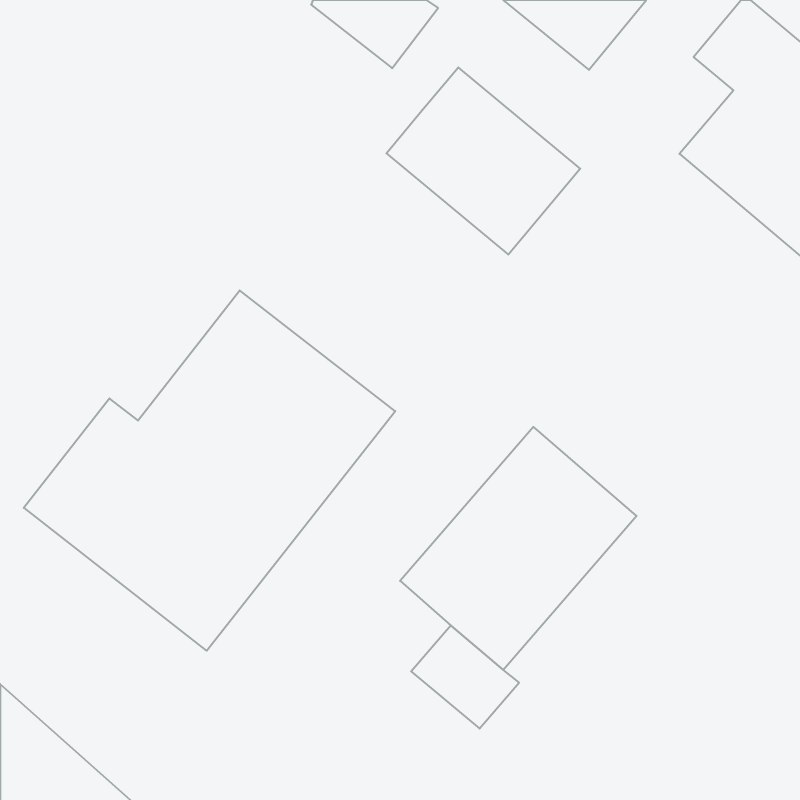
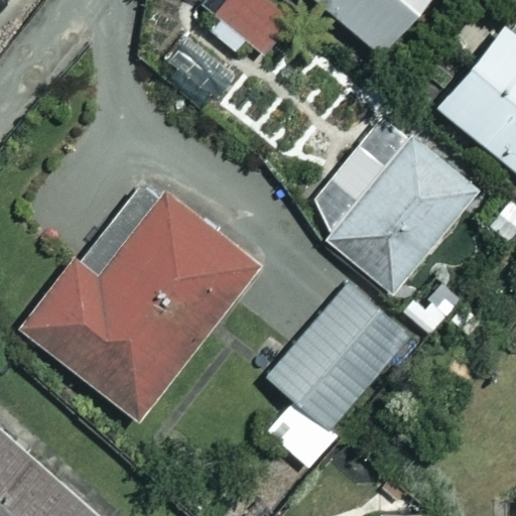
building: [386,67,580,255] -> none
building: none -> [329,113,484,293]

